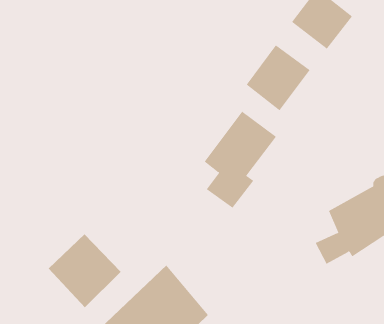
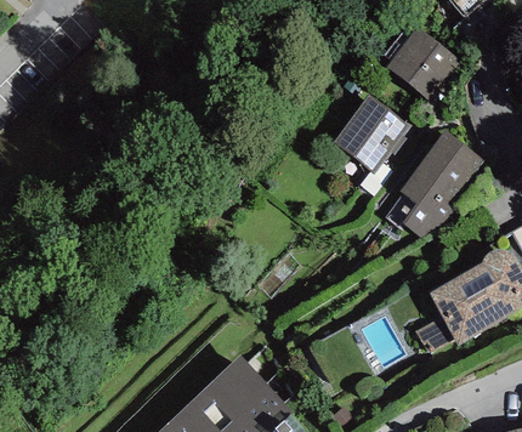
building: [204,111,277,209] -> [398,131,484,246]
building: [48,234,121,308] -> none

